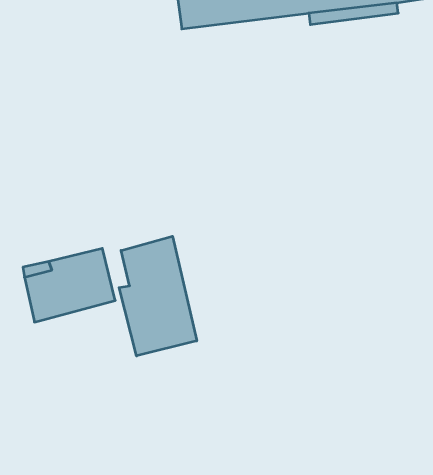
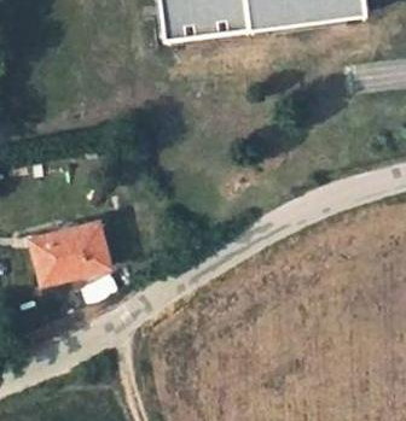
building: [119,236,197,356] -> none

